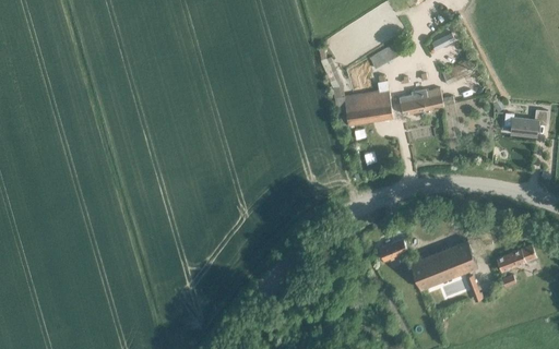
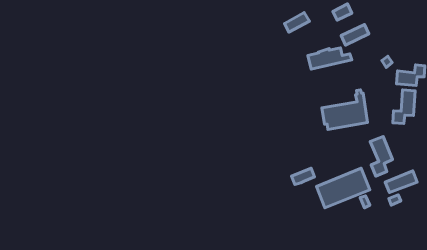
building: [334,76,392,127] -> [322,90,368,129]
building: none -> [393,90,415,124]
building: none -> [370,136,393,176]

